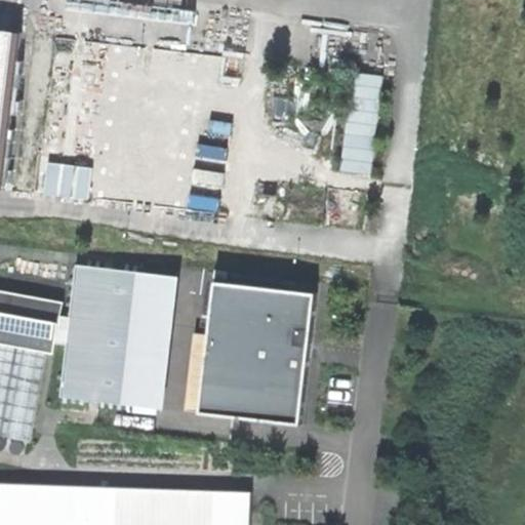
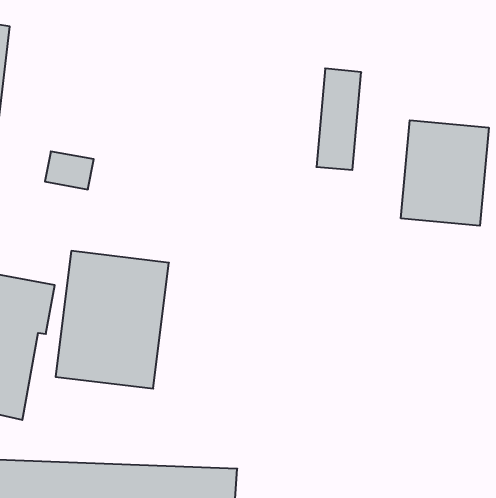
building: none -> [401,120,489,226]
building: [198,281,314,425] -> none

